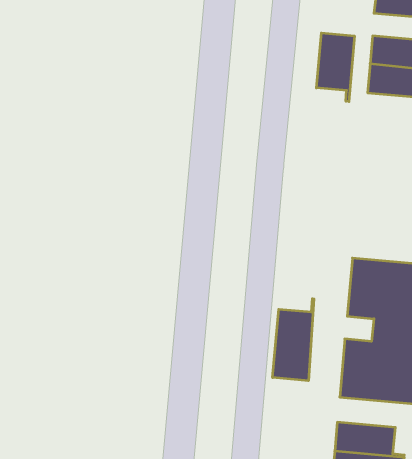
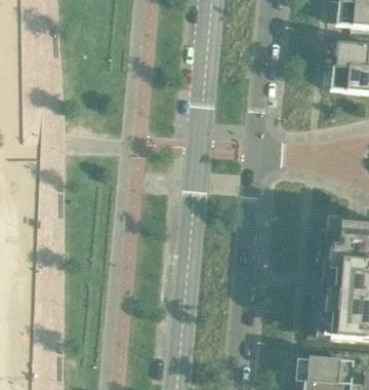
building: [316,33,354,102] -> none
building: [273,299,314,381] -> none

